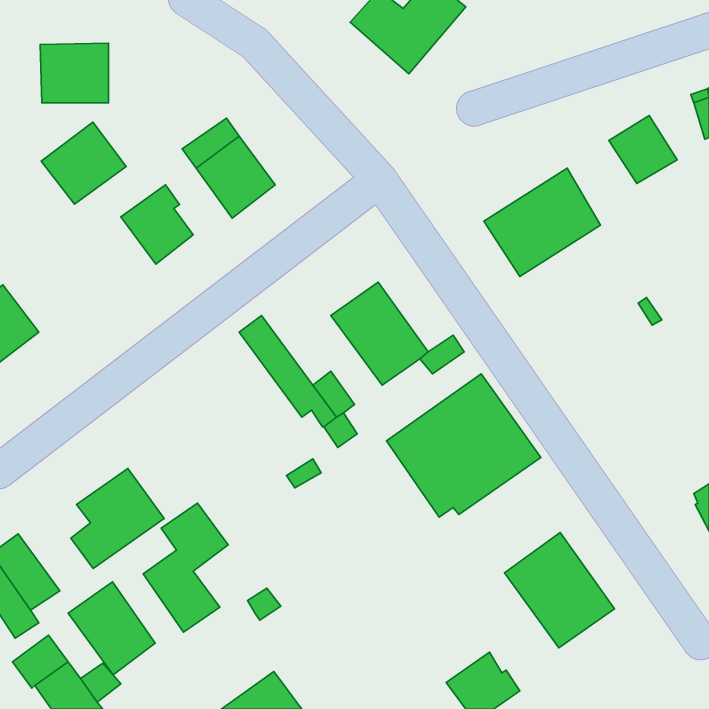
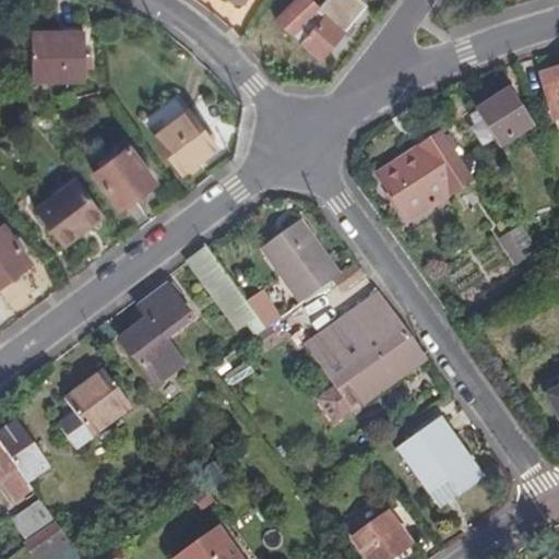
building: [41,122,126,204] -> [37,177,104,241]
building: [143,503,228,632] -> [123,285,190,386]
building: [68,582,155,675] -> none

